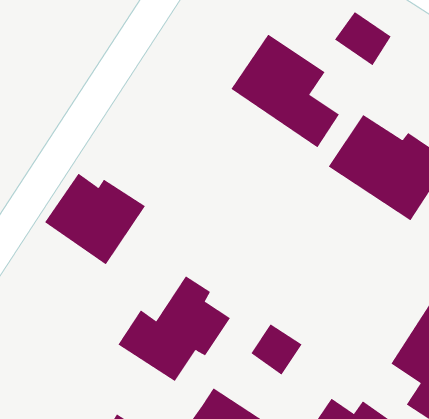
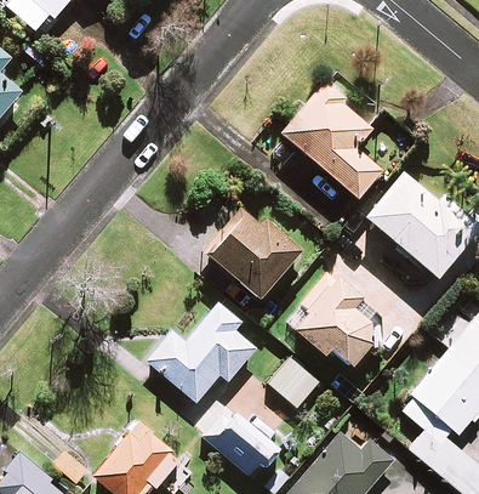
building: [334,11,391,66] -> none
building: [44,173,146,265] -> [204,209,301,299]
building: none -> [291,272,382,365]

